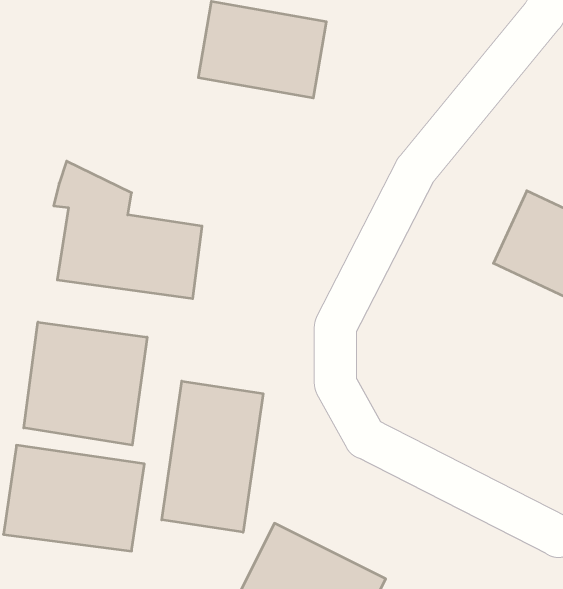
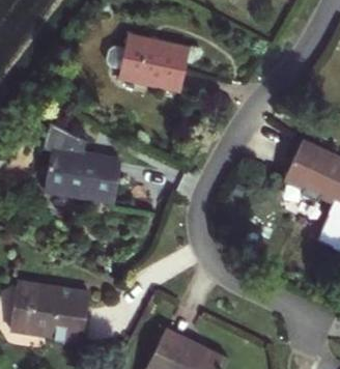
building: [24,322,147,445] -> none
building: [162,381,263,532] -> none

